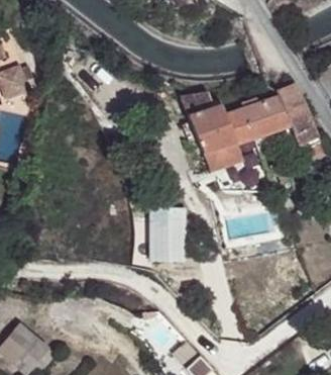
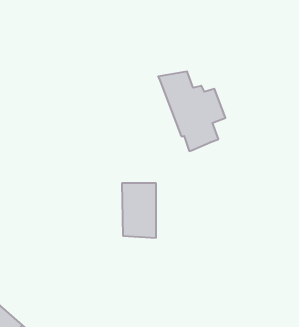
building: [242,85,323,152] -> none

